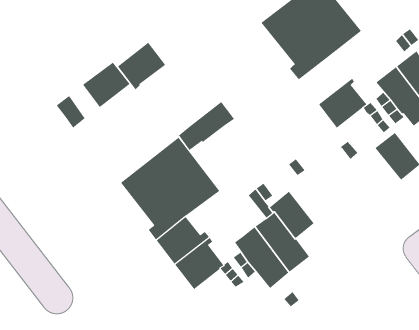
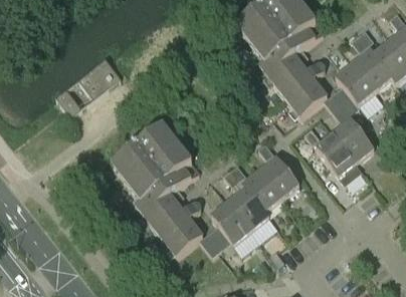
building: [117,42,166,90] -> none
building: none -> [267,52,315,94]
building: [178,101,235,151] -> none
building: none -> [317,132,363,183]
building: none -> [259,157,299,198]

